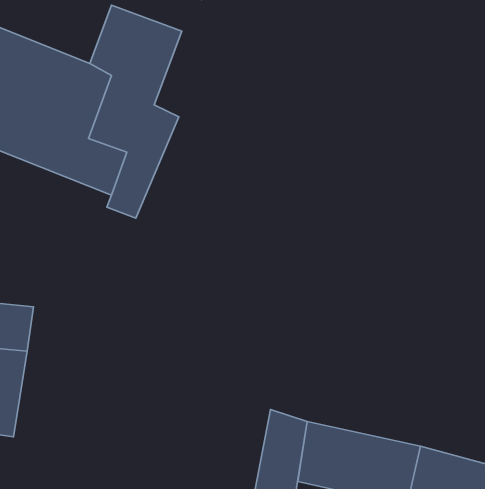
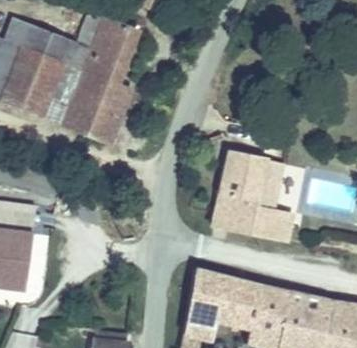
building: none -> [211,150,292,244]

